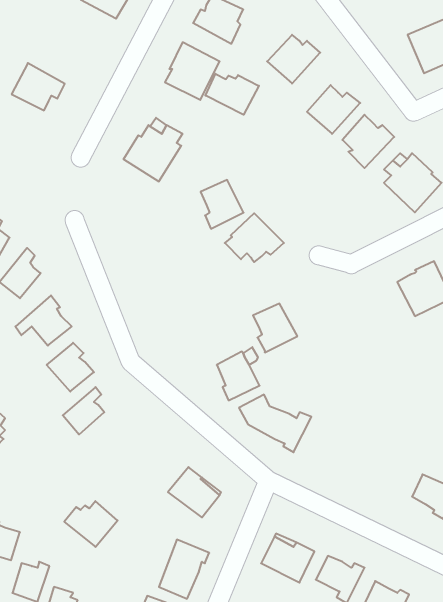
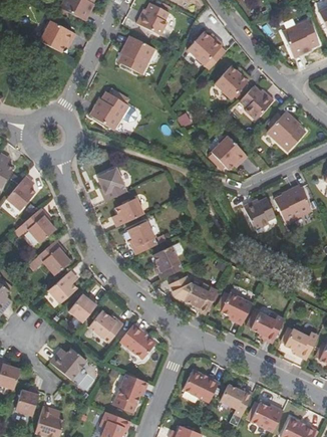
building: [12,63,65,110] -> [39,19,75,51]
building: [205,74,259,115] -> none
building: [201,180,244,229] -> [97,168,126,201]
building: [225,213,284,262] -> [208,135,248,168]
building: none -> [112,197,142,226]
building: none -> [243,197,276,229]
building: [253,304,297,352] -> [126,221,156,254]
building: none -> [216,291,252,324]
building: none -> [68,292,97,320]
building: none -> [88,309,122,342]
building: none -> [251,311,284,342]

